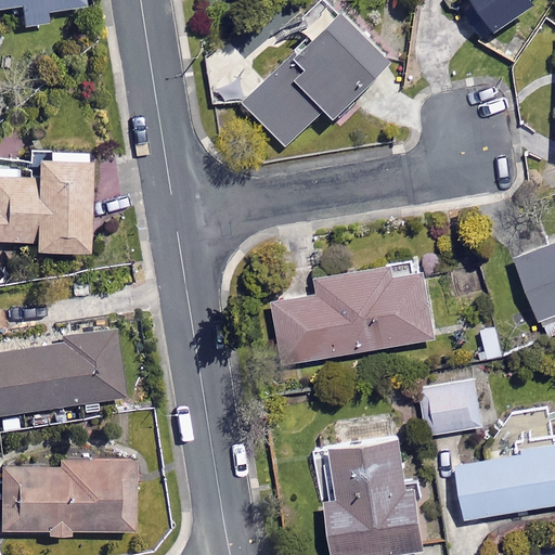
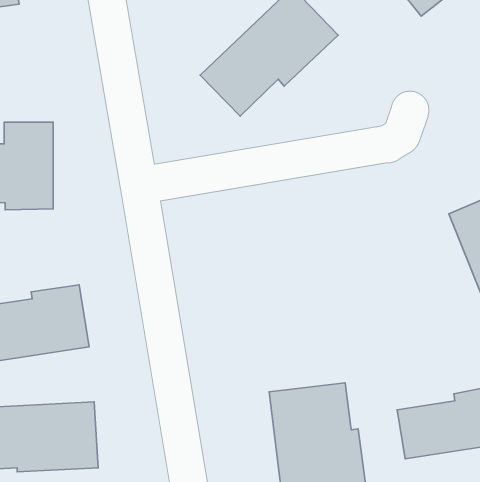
building: [272,260,434,366] -> none
building: [420,383,483,438] -> none

